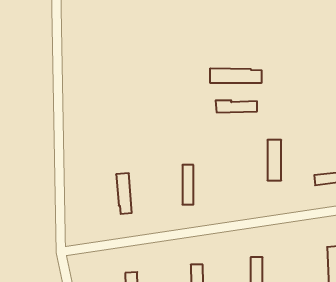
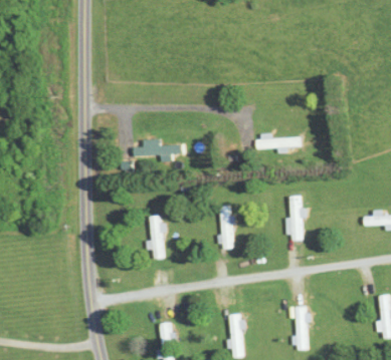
building: [210,68,262,83] -> none
building: none -> [133,138,184,160]
building: [267,140,281,180] -> [287,196,303,240]

